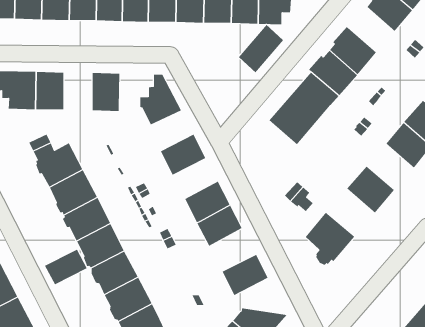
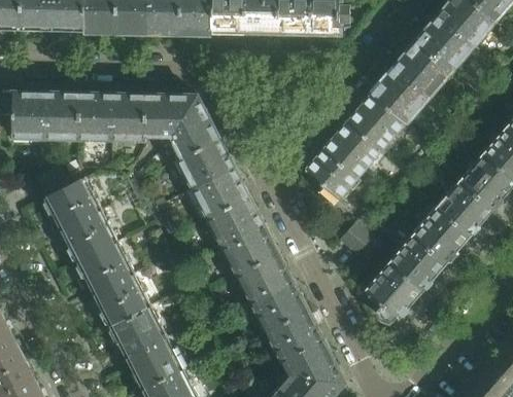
building: none -> [414,15,472,70]
building: [238,24,284,73] -> none
building: none -> [78,94,111,139]
building: none -> [144,95,184,135]
building: none -> [178,139,233,187]
building: none -> [304,150,355,206]
building: none -> [438,178,494,233]
building: none -> [207,195,262,244]
building: none -> [389,231,448,289]
building: none -> [250,279,307,330]
building: [44,249,88,285] -> none
building: none -> [280,337,344,382]

